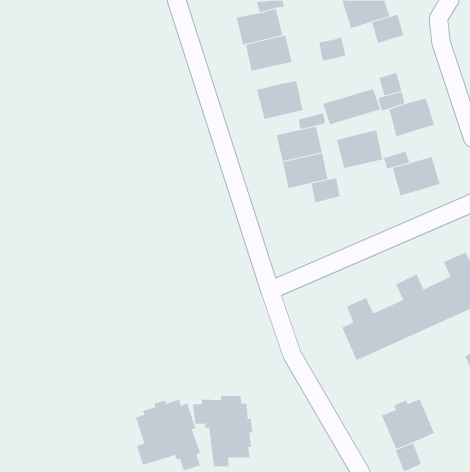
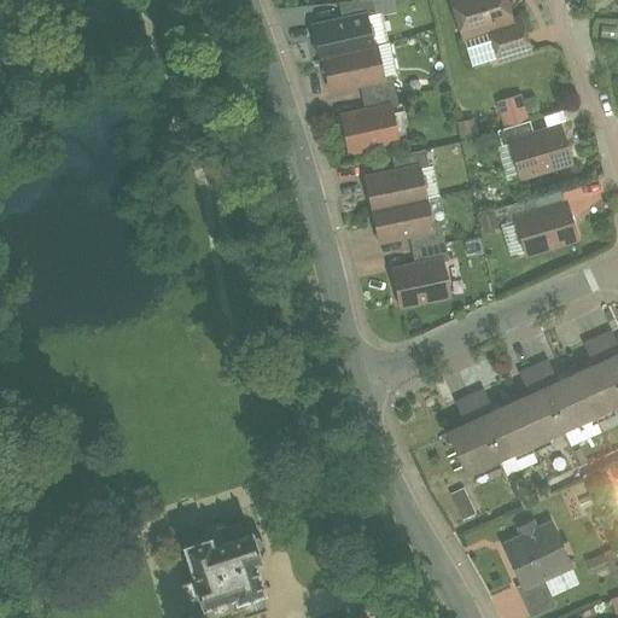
building: [318,37,346,61] -> [362,80,398,111]
building: [322,88,381,125] -> none
building: [336,130,383,169] -> [391,258,453,309]
building: [192,395,253,467] -> none

